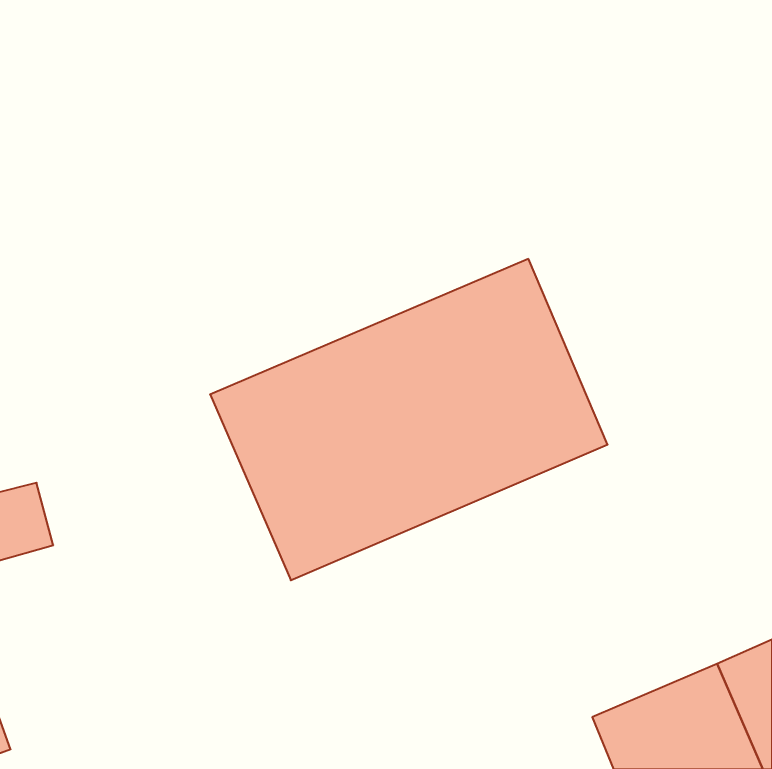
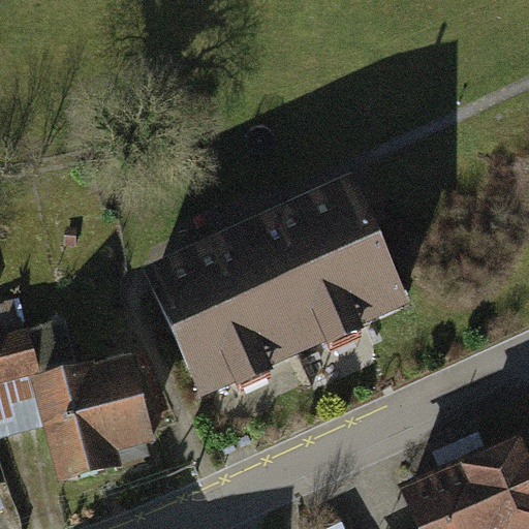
building: none -> [30,359,163,485]

